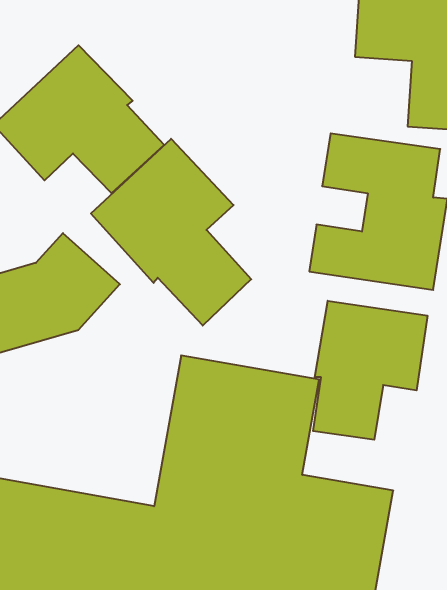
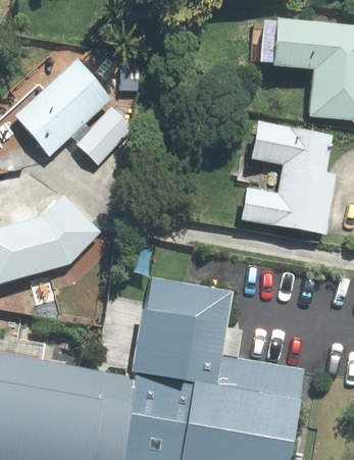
building: [91,139,251,326] -> none
building: [313,301,427,440] -> none

